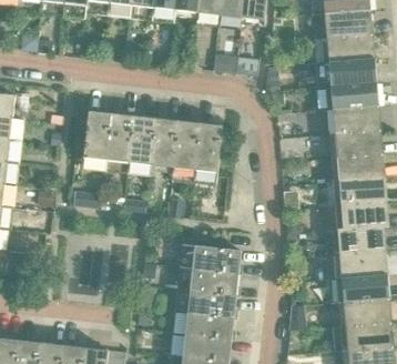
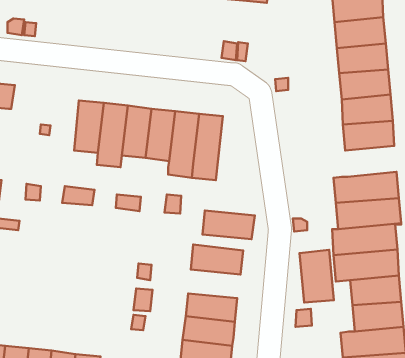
building: [336,153,384,182] -> none
building: none -> [300,250,334,303]
building: [190,269,238,295] -> [203,211,255,239]

